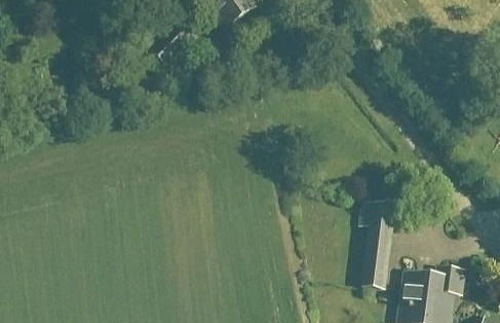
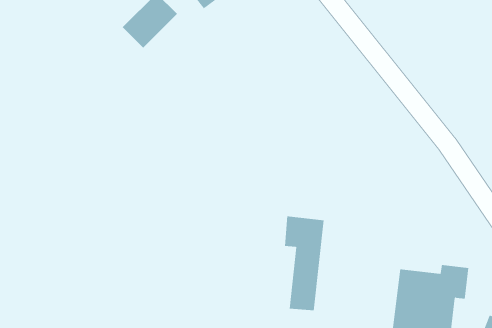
building: [360,200,397,287] -> [284,216,325,311]

